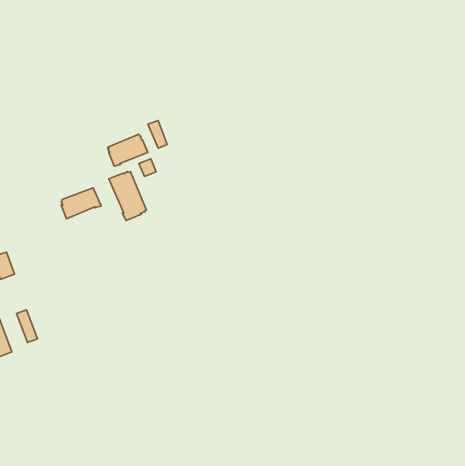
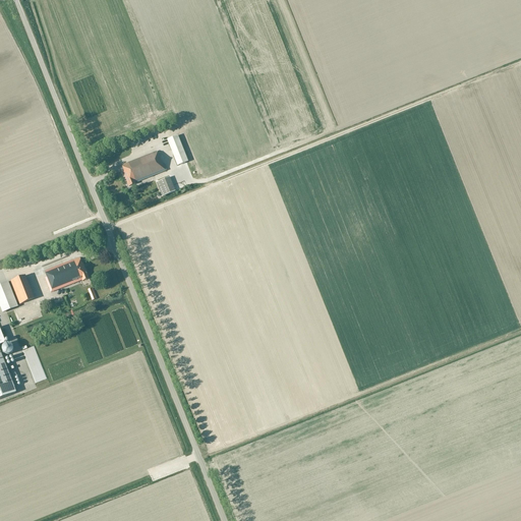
building: [109,172,146,220] -> none
building: [61,188,101,219] -> [43,257,88,292]
building: none -> [9,275,33,303]

